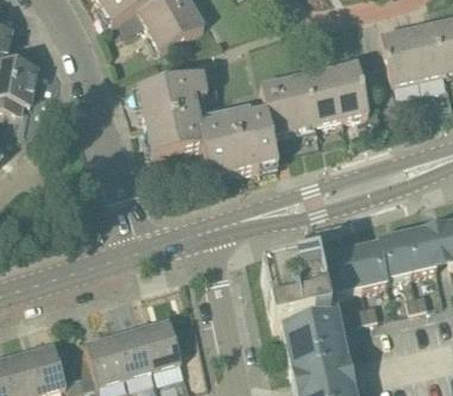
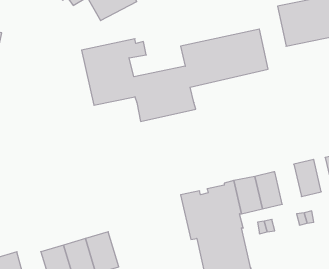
building: [377,232,413,278] -> none

